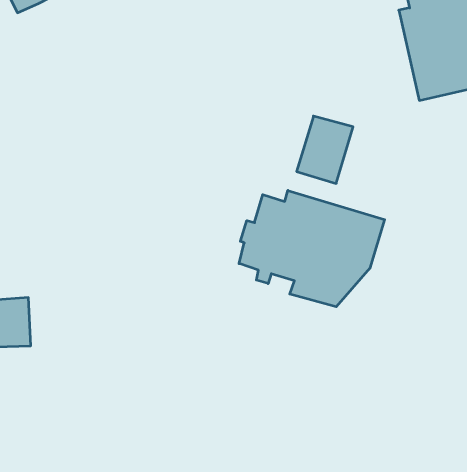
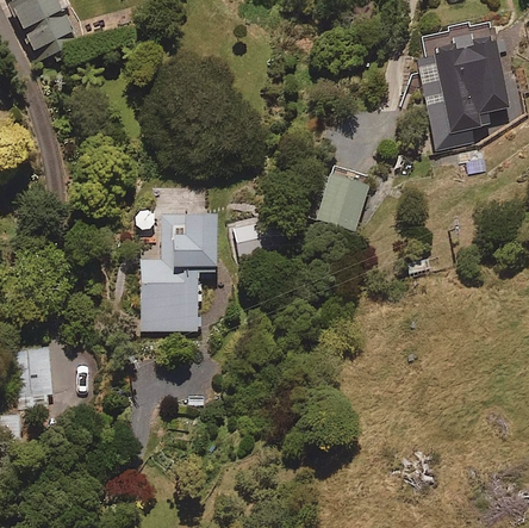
building: none -> [139,216,214,329]
building: [239,190,385,307] -> none

